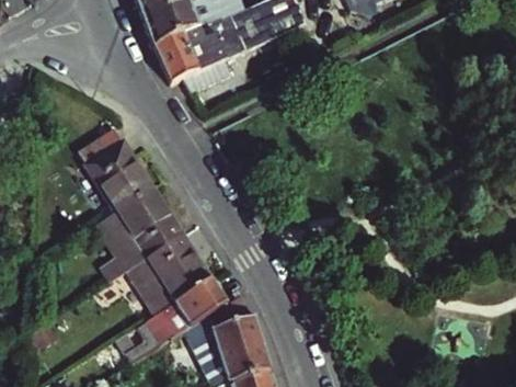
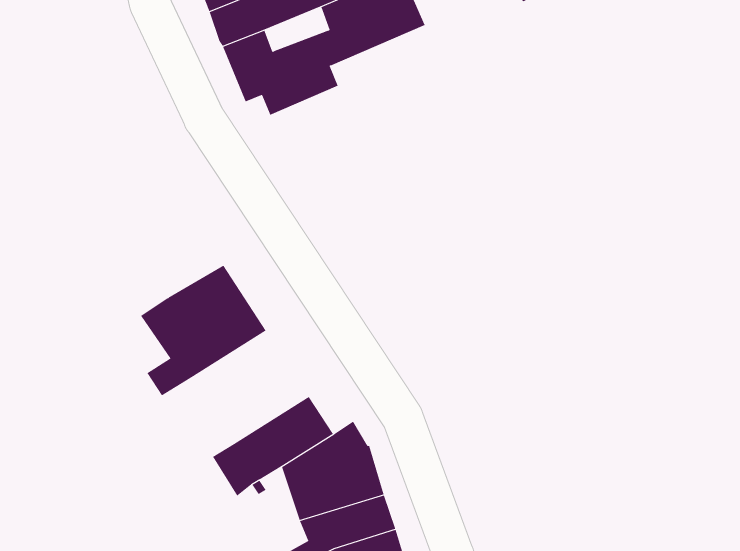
building: [78,129,156,214] -> none
building: [134,236,213,311] -> none

